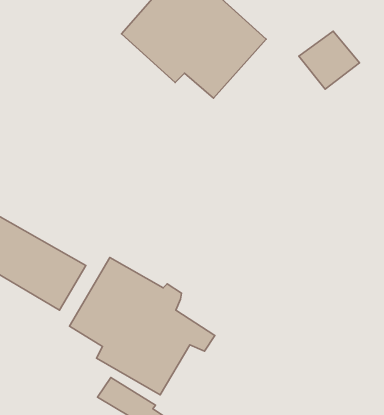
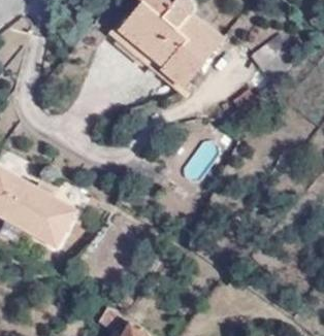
building: [70,258,215,395] -> none

